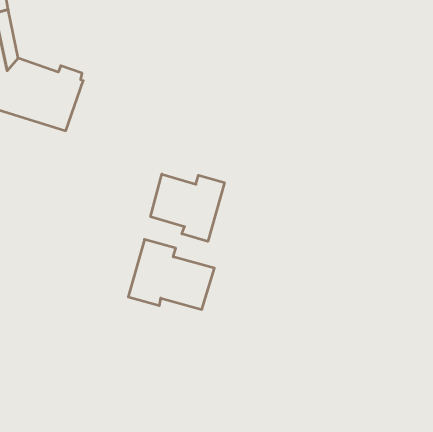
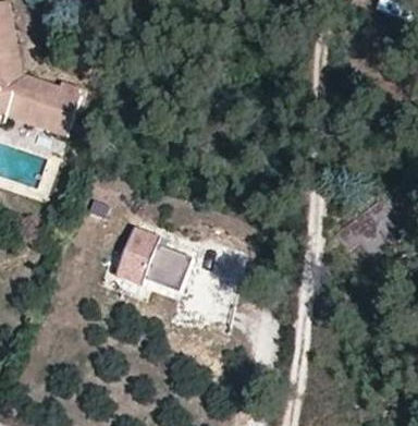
building: [151,174,224,241] -> none

